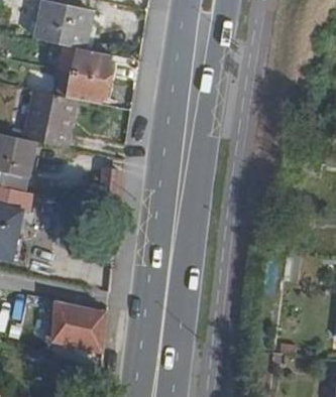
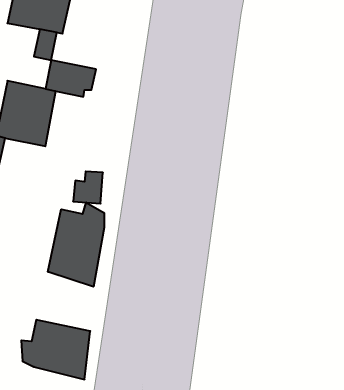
building: [75,47,117,80] -> none
building: none -> [48,202,104,287]

